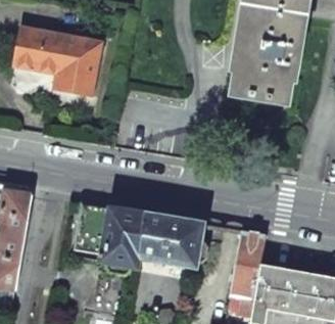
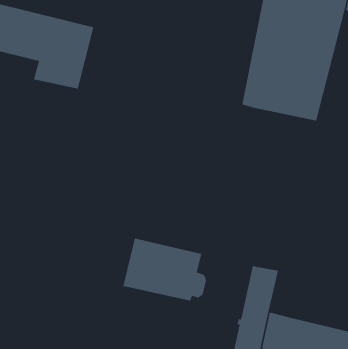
building: [76,203,144,275] -> none

